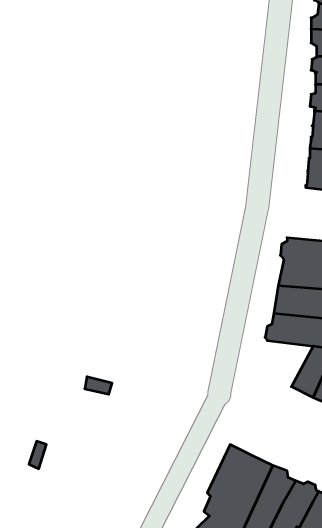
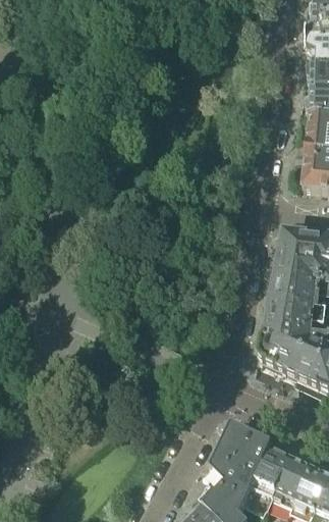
building: none -> [259,327,309,370]

